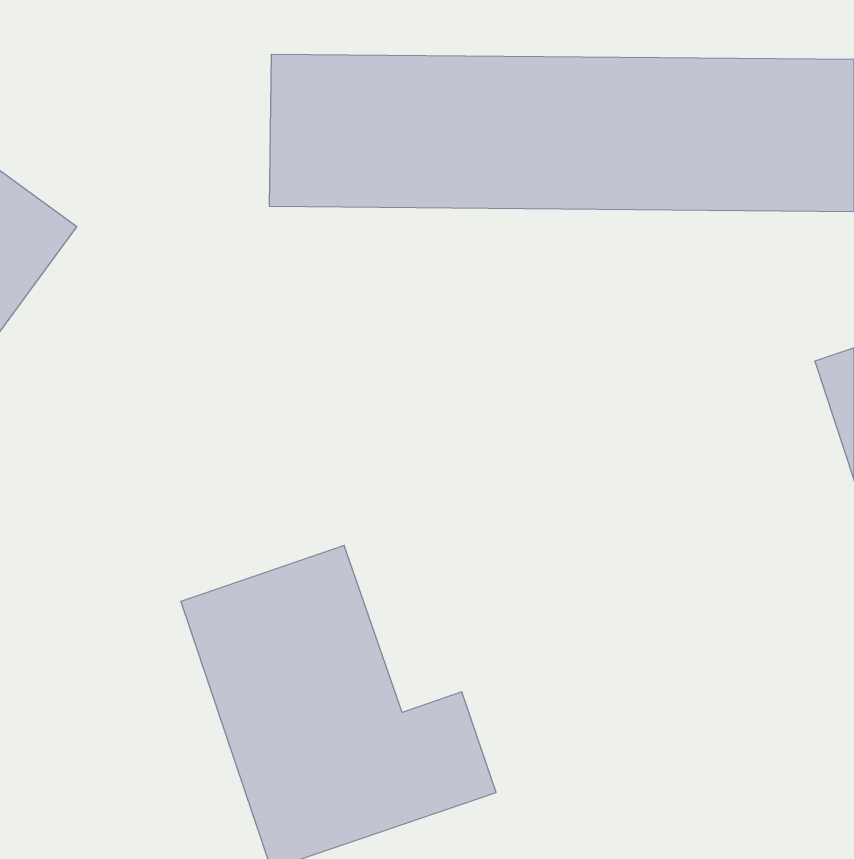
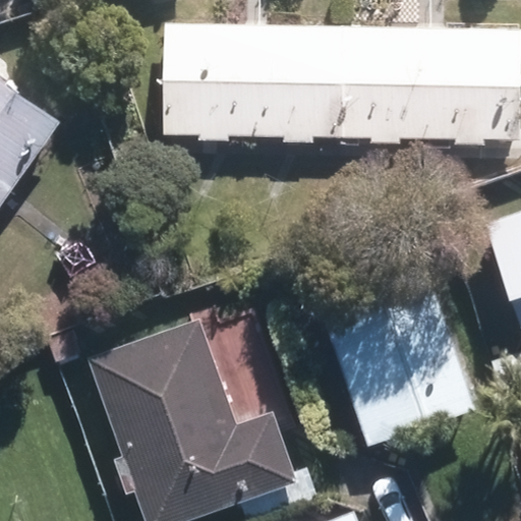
building: none -> [326,270,474,444]

